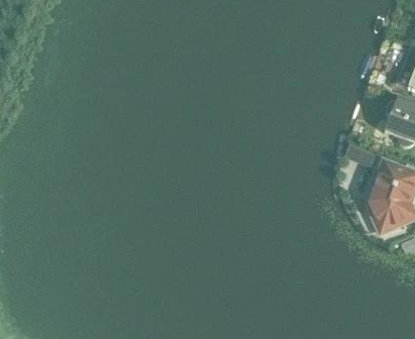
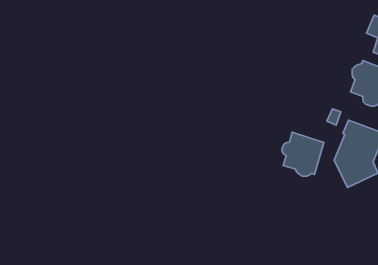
building: none -> [282,132,324,176]

